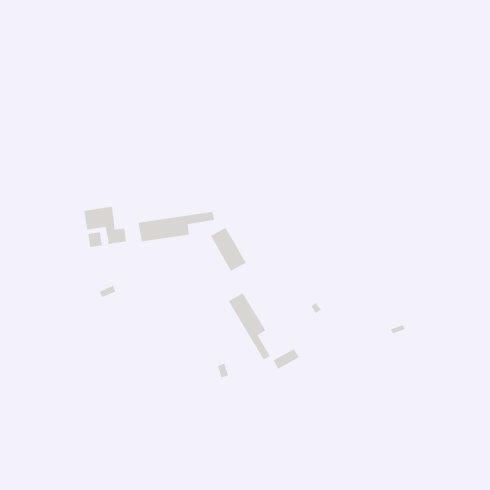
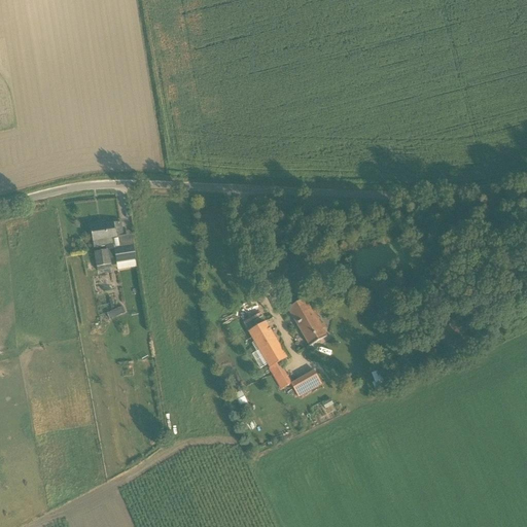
building: [138,211,215,242] -> none
building: [210,227,247,272] -> [287,297,326,345]

